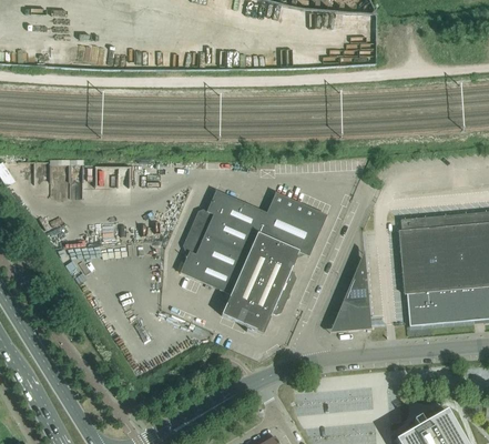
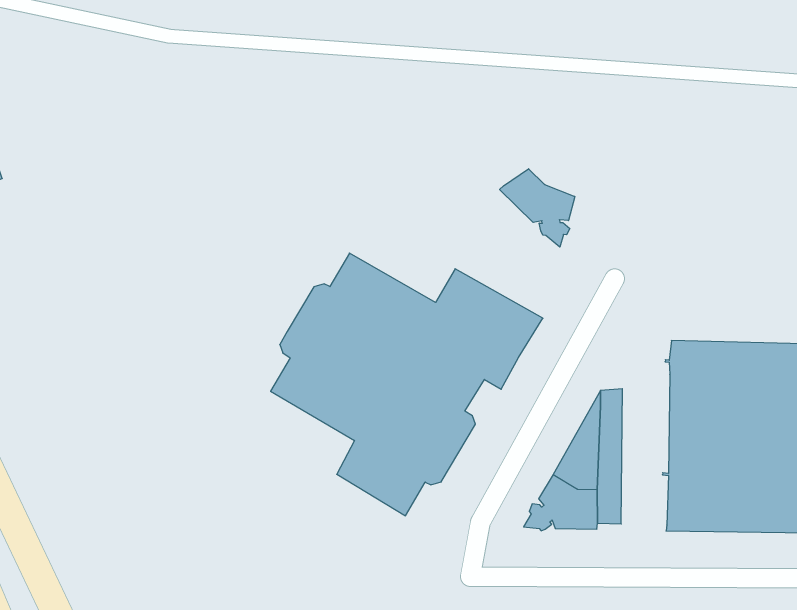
building: none -> [500,169,575,247]

